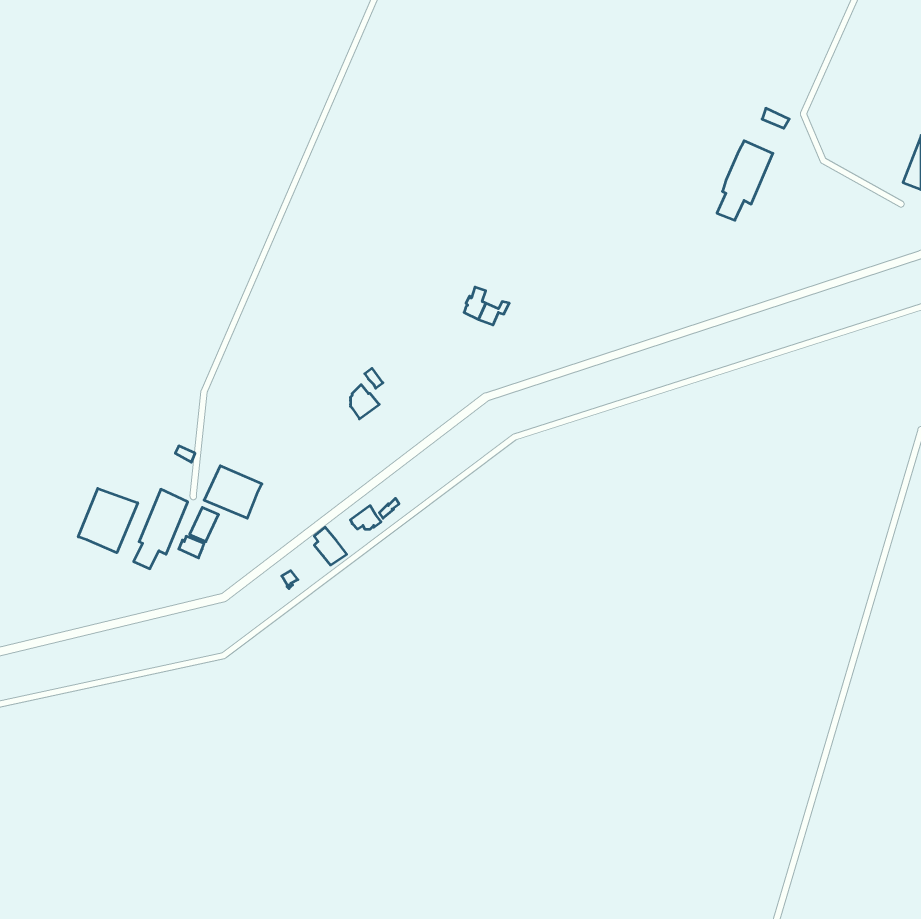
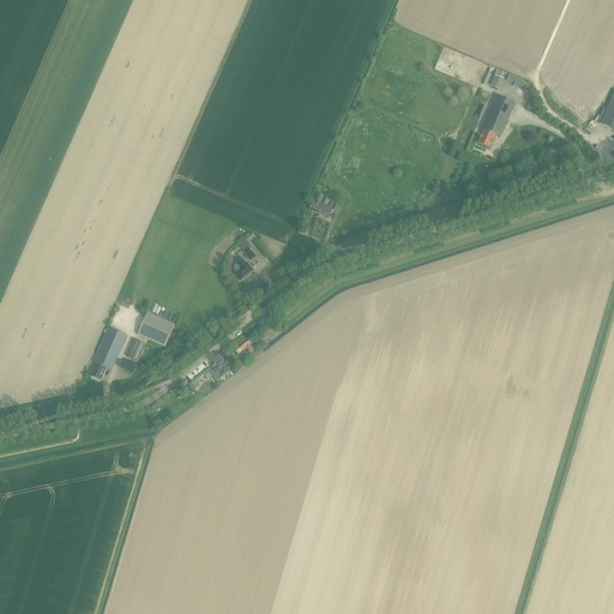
building: [78,488,138,553] -> none

